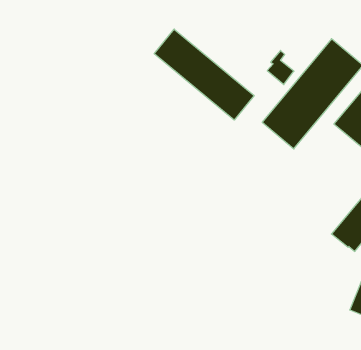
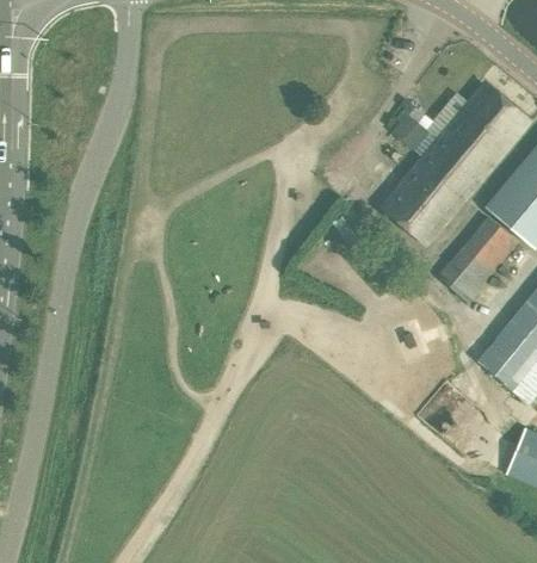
building: [154,29,254,120] -> none
building: none -> [437,217,519,305]

